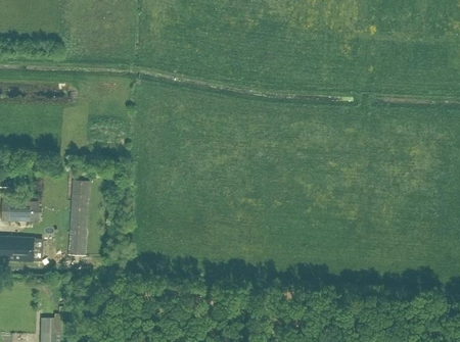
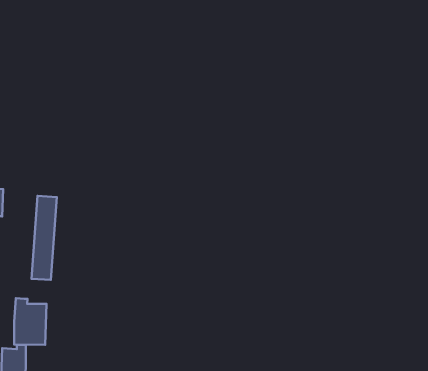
building: none -> [14,298,46,345]

